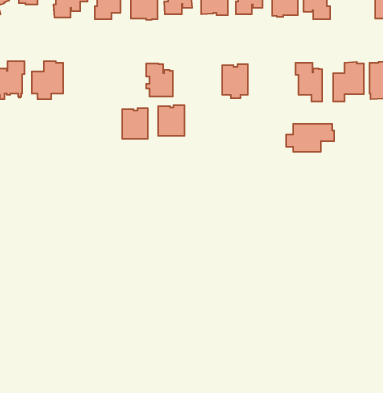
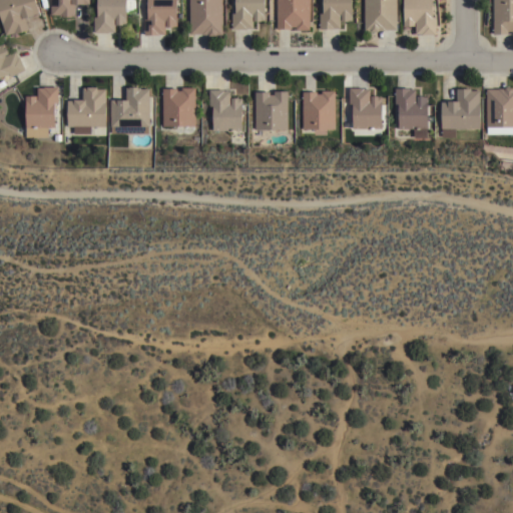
building: none -> [111,87,150,127]
building: none -> [350,88,382,128]
building: [158,105,185,136] -> [255,91,289,129]
building: [122,108,148,139] -> [163,88,195,126]
building: [286,124,334,152] -> none

